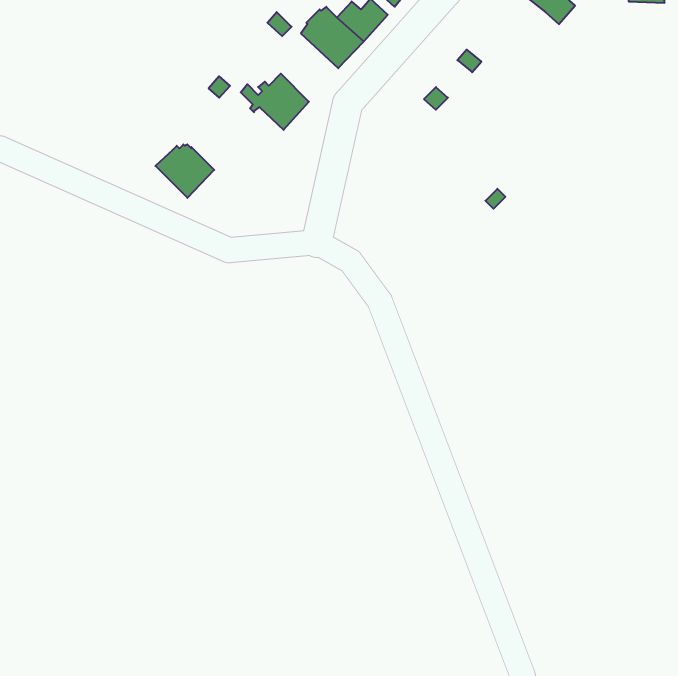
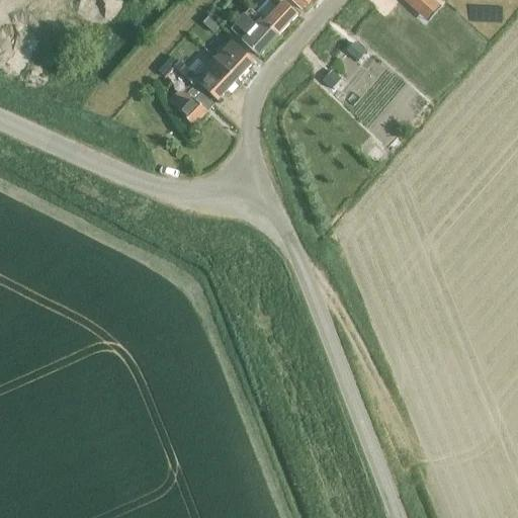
building: none -> [215,37,255,77]
building: [155,144,214,198] -> [169,82,213,122]

